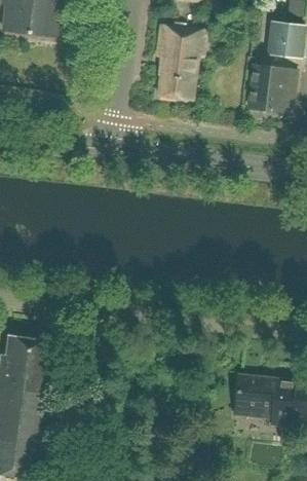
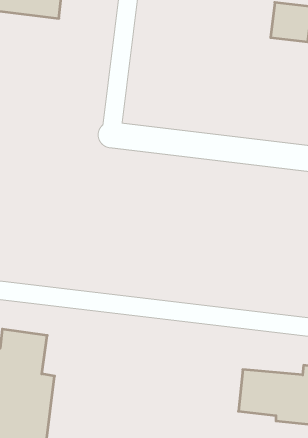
building: [157,24,205,98] -> none
building: [247,64,295,111] -> none

